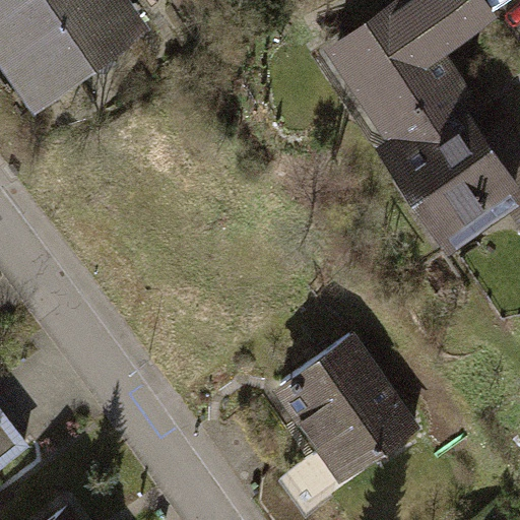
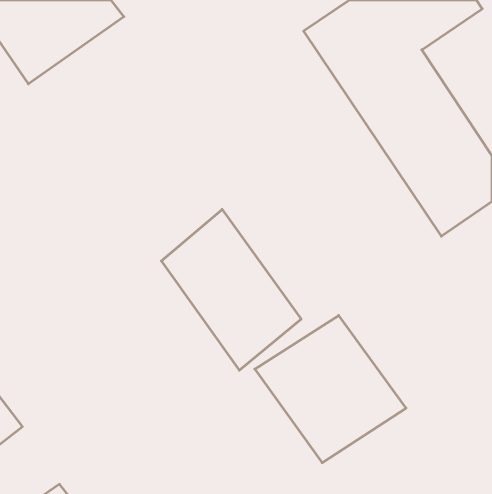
building: none -> [161,209,301,370]

